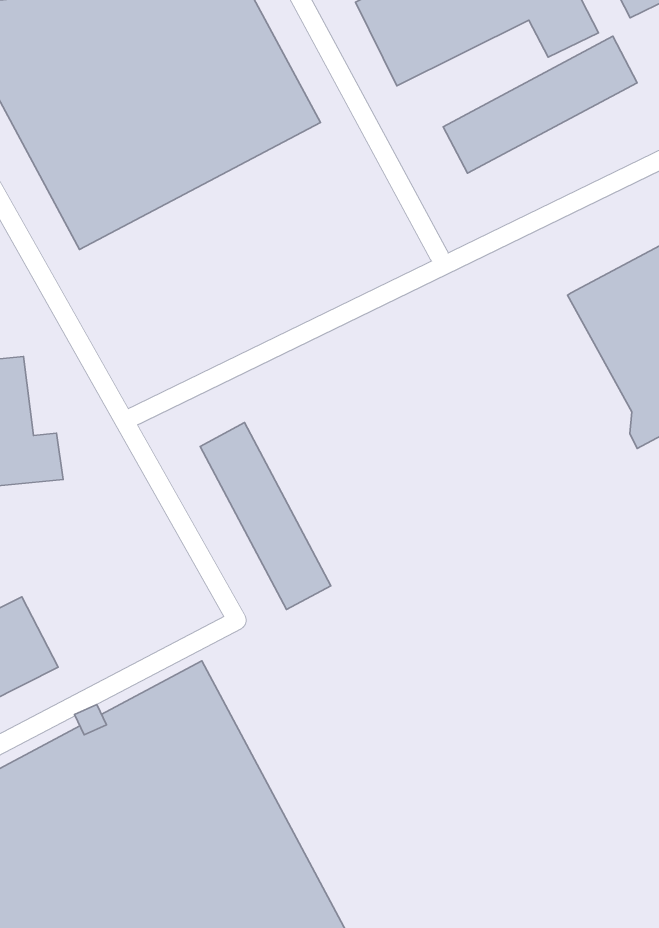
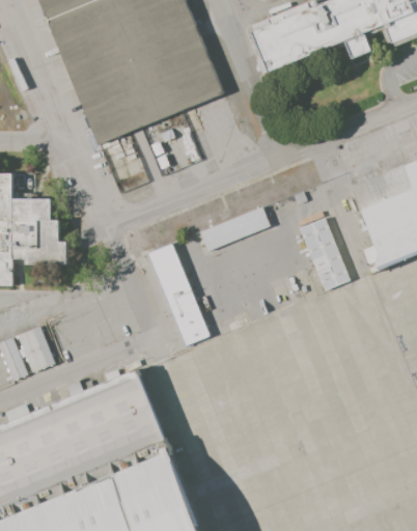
building: [443,36,637,173] -> none
building: none -> [198,209,270,255]
building: none -> [299,219,351,294]

